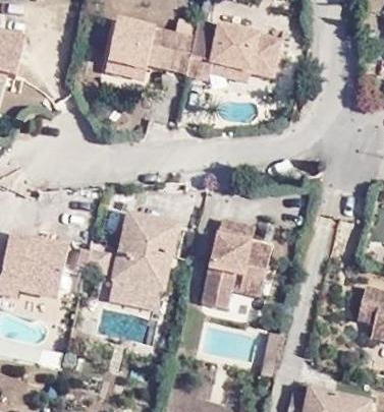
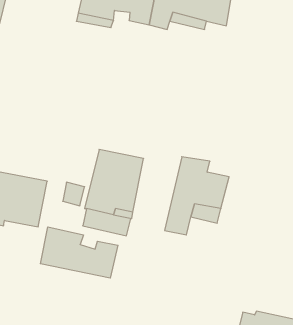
building: none -> [40,227,118,278]

